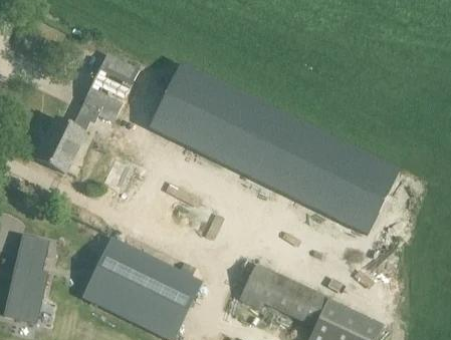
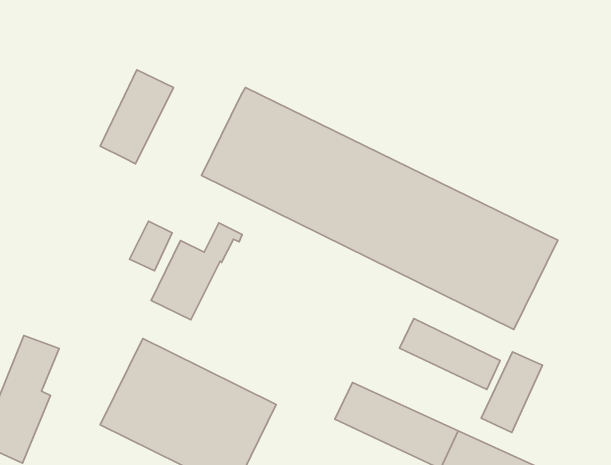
building: [36,105,98,172] -> [151,223,242,320]
building: none -> [400,319,500,389]
building: none -> [481,352,542,433]

